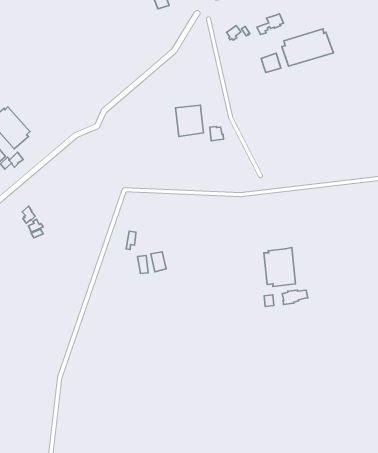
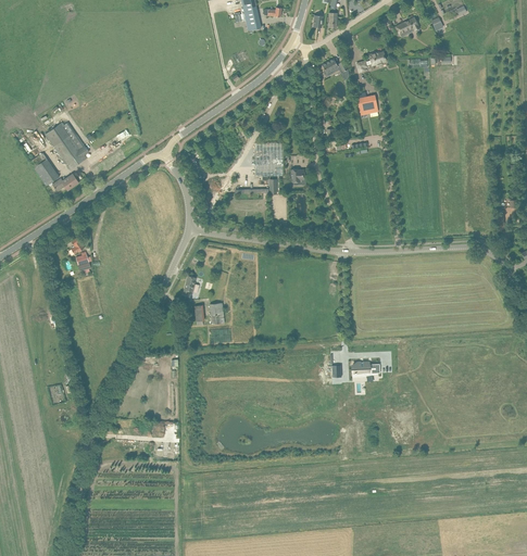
building: [282,29,333,66] -> none
building: [264,248,296,287] -> none

